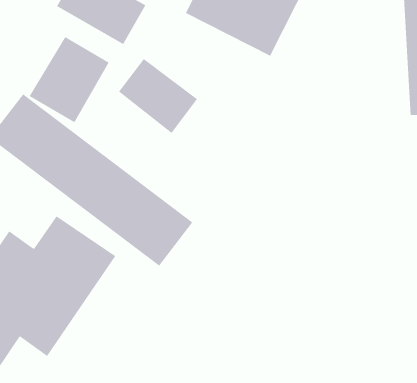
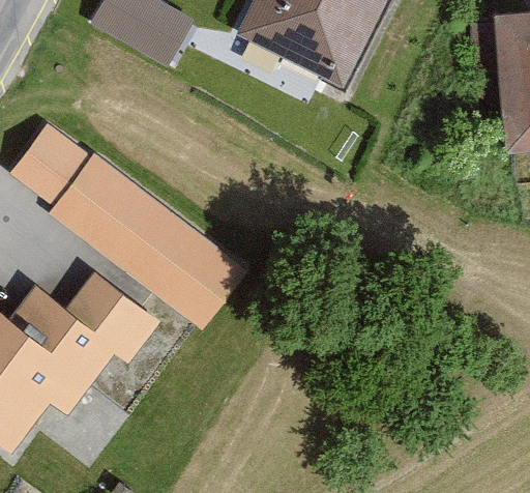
building: [29,36,110,123] -> none
building: [118,58,198,134] -> none

